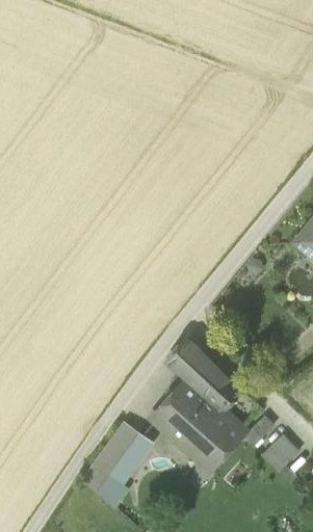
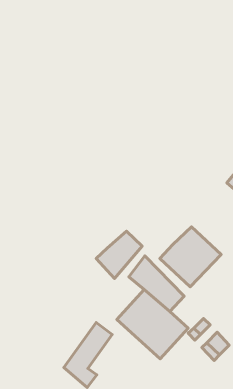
building: none -> [160,227,221,287]
building: none -> [96,231,142,279]

